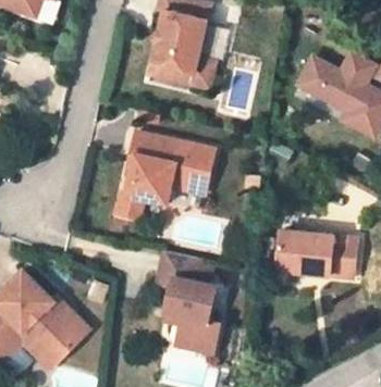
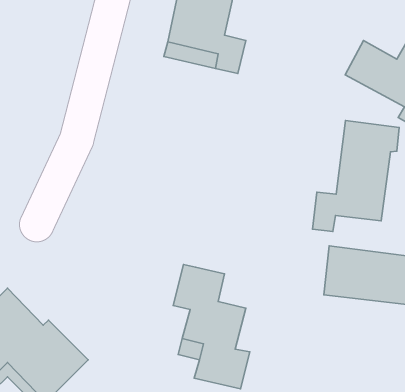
building: none -> [312,121,399,232]
building: [118,136,214,223] -> none

